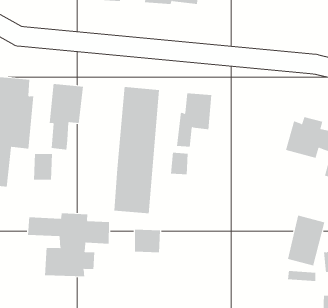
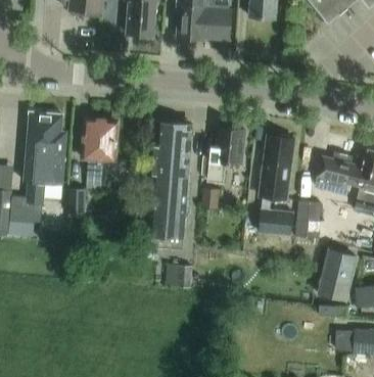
building: none -> [259,135,293,199]
building: none -> [294,200,321,238]
building: none -> [256,208,290,235]
building: [27,212,110,277] -> none

